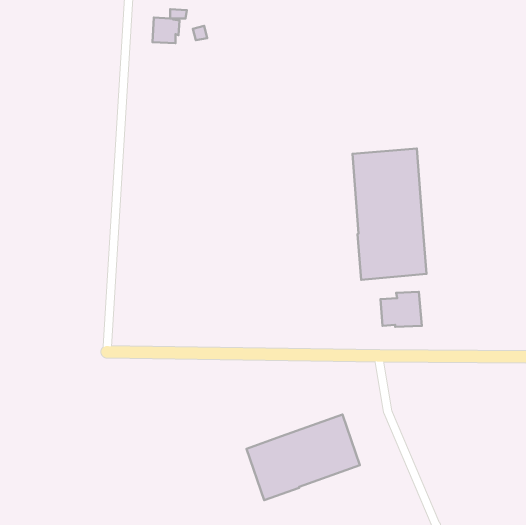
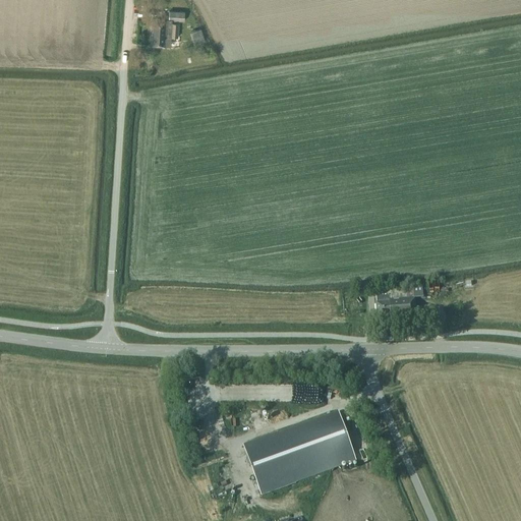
building: [353,149,427,280] -> none

